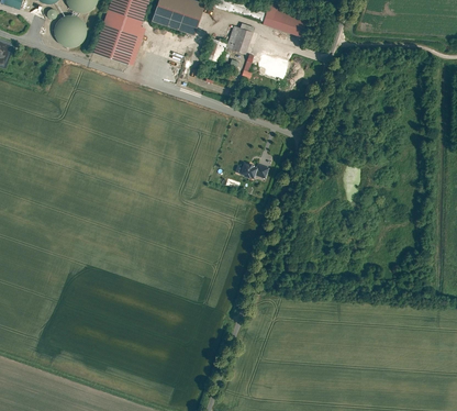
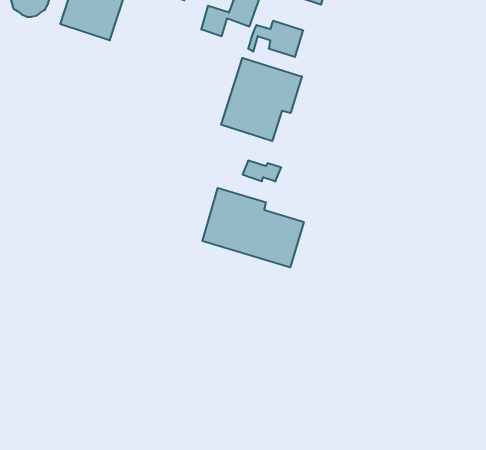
building: none -> [221,58,302,141]
building: none -> [202,188,304,267]

